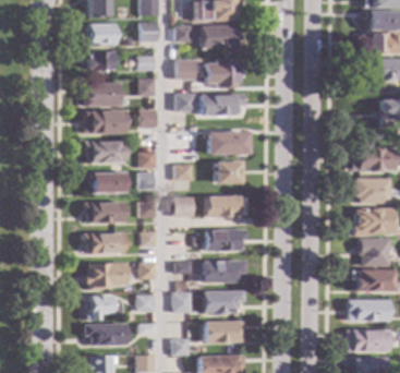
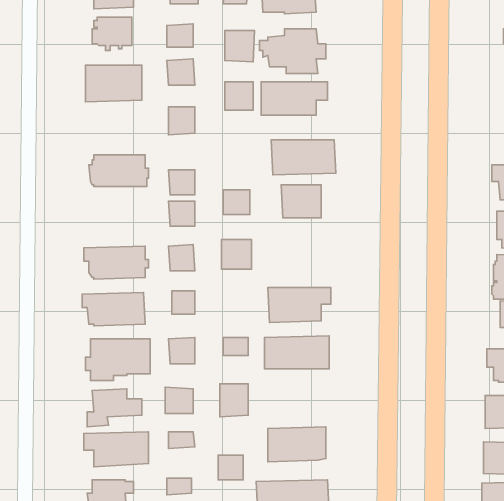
building: [84,109,126,133] -> none
building: [87,171,126,193] -> none
building: [205,194,247,217] -> none
building: [203,290,244,315] -> none

